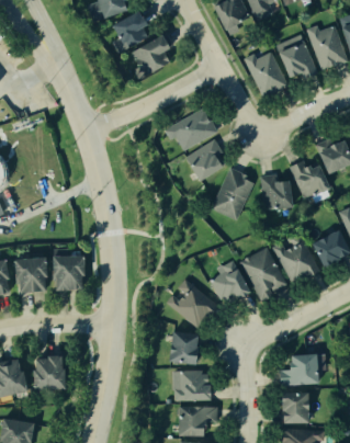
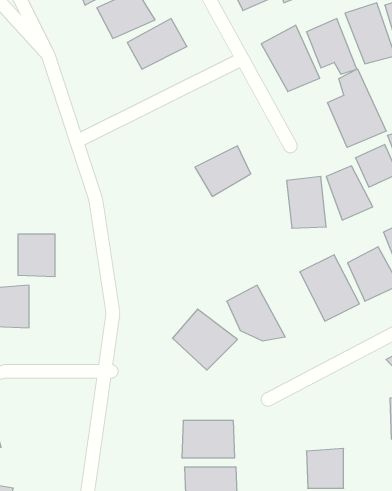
building: none -> [327,69,386,147]
building: [163,103,226,156] -> none
building: [212,169,255,223] -> none
building: [242,248,287,293] -> none
building: [54,257,84,292] -> [18,234,55,277]
building: [168,326,194,363] -> none
building: [278,342,323,387] -> none
building: [32,356,65,389] -> none

